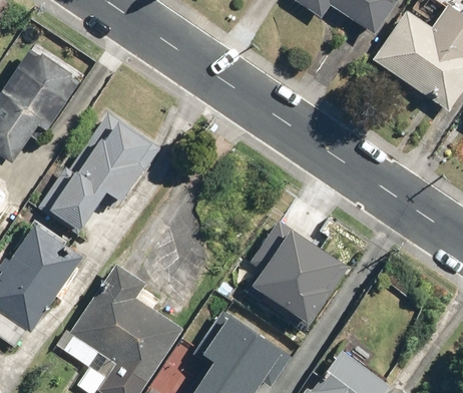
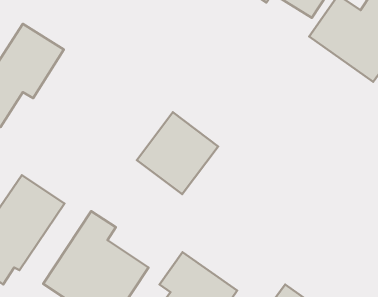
building: [41,114,148,230] -> none
building: [262,222,357,318] -> [137,112,218,194]

